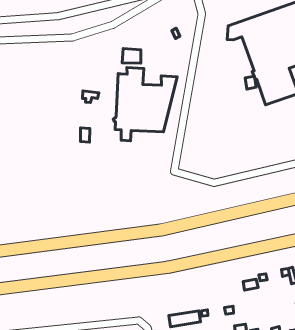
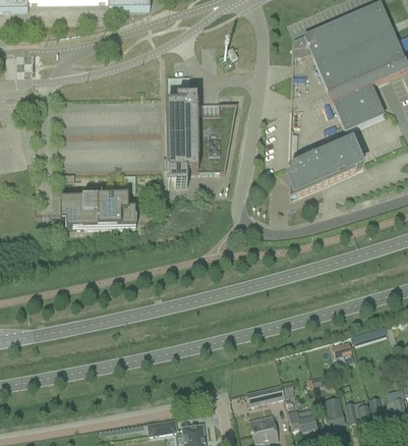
building: none -> [286,138,361,199]
building: none -> [60,194,135,226]

